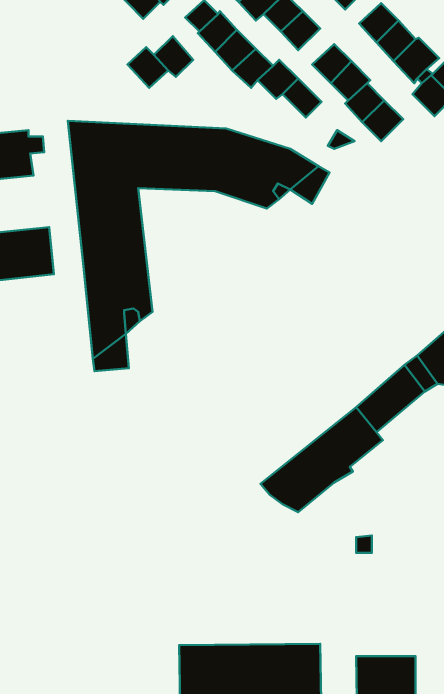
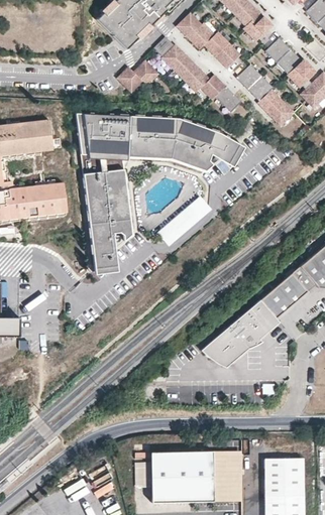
building: none -> [159,197,208,240]

